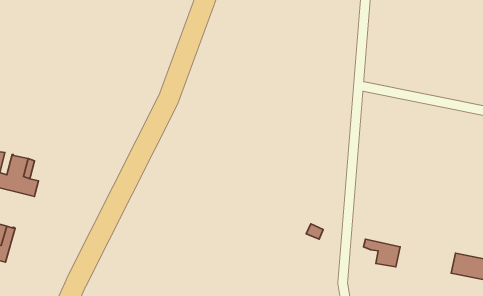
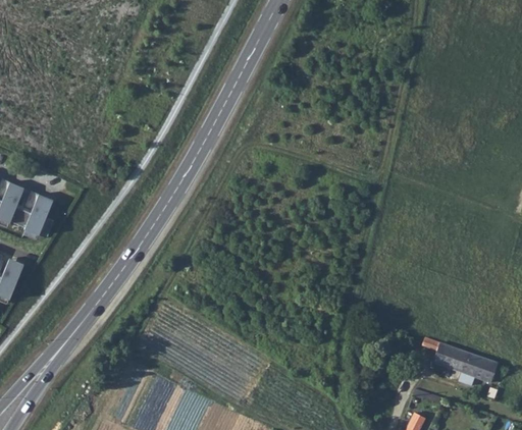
building: [363,239,400,267] -> [422,338,459,370]

